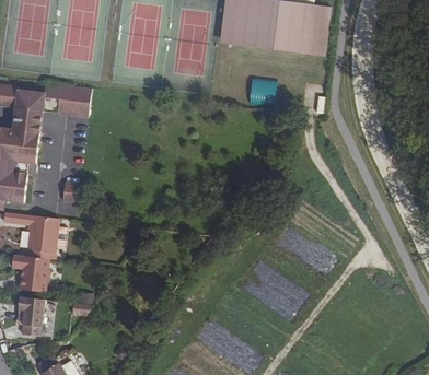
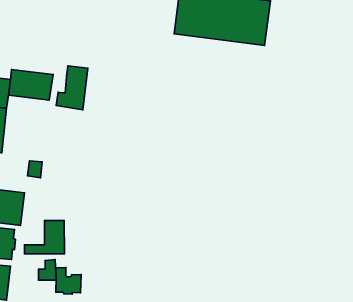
building: none -> [56,66,88,110]
building: none -> [25,221,64,254]
building: none -> [56,268,81,294]

